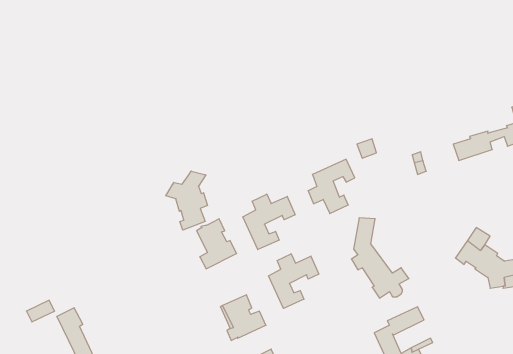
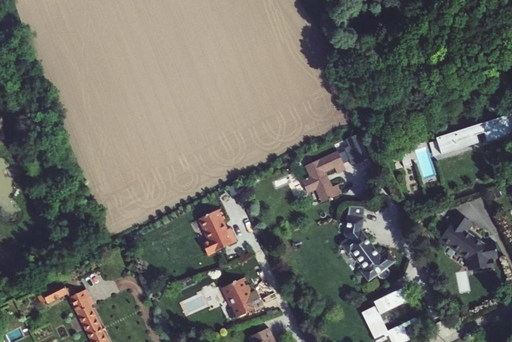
building: [166,171,207,230] -> none
building: [243,194,295,250] -> none
building: [268,254,319,308] -> none

